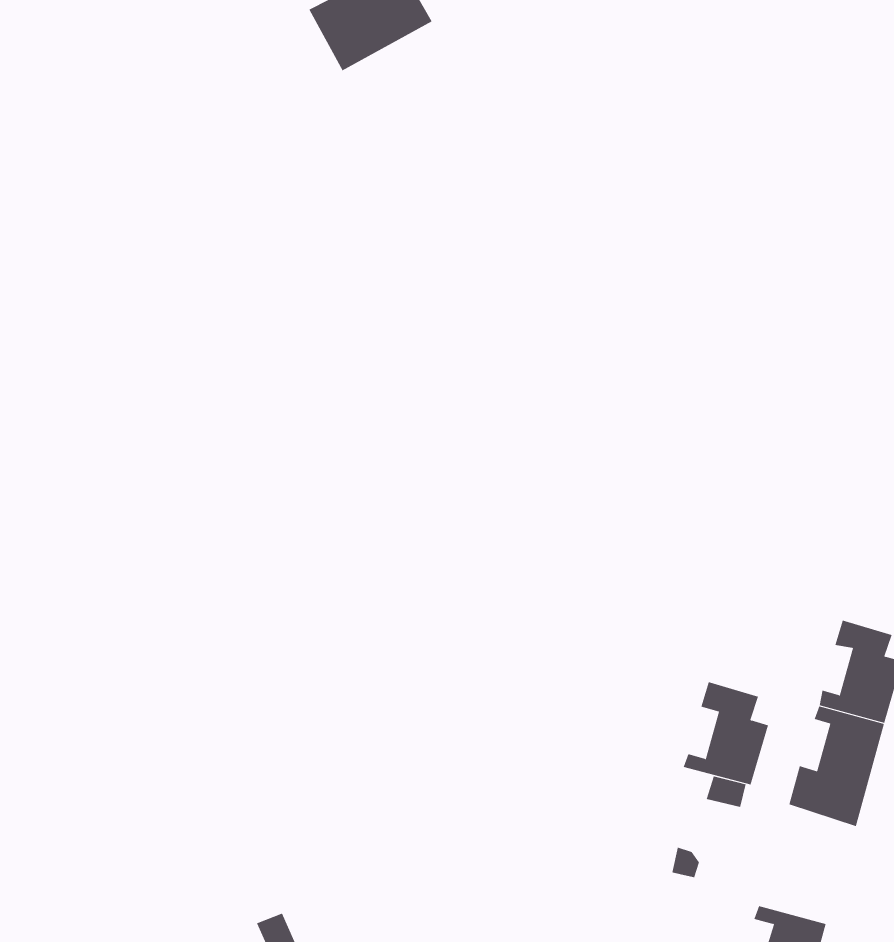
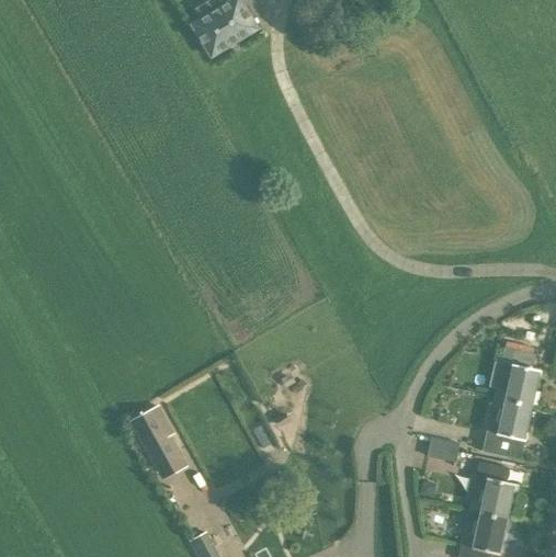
building: [683,682,769,785] -> [468,459,514,515]
building: none -> [129,405,181,471]

